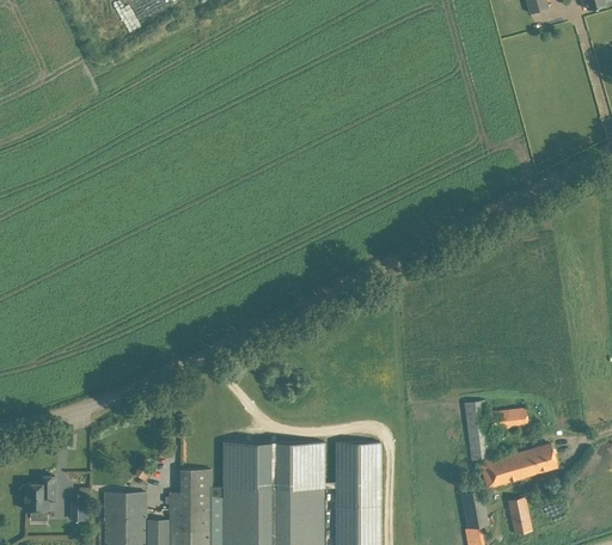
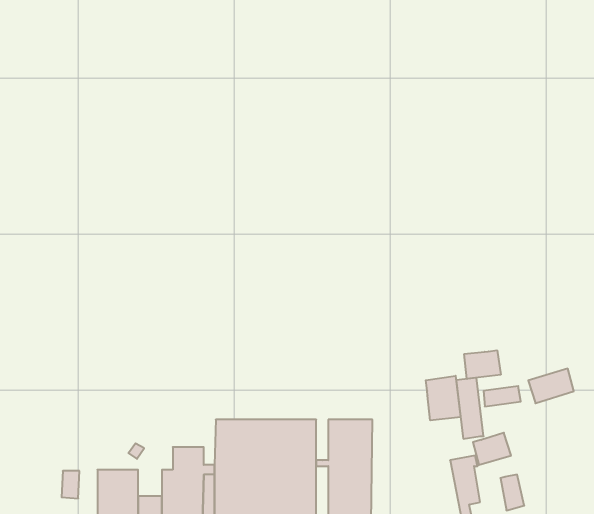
building: none -> [464,350,501,379]
building: none -> [426,376,461,420]
building: [512,445,557,479] -> [528,369,574,403]
building: [19,477,55,513] -> none

